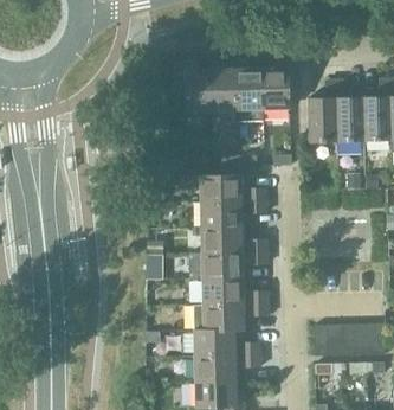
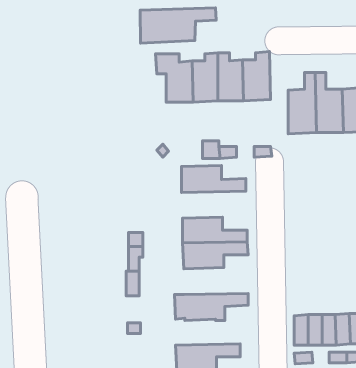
building: none -> [140,8,216,43]
building: [200,201,265,229] -> none
building: [202,278,267,306] -> none
building: [194,329,259,357] -> none

